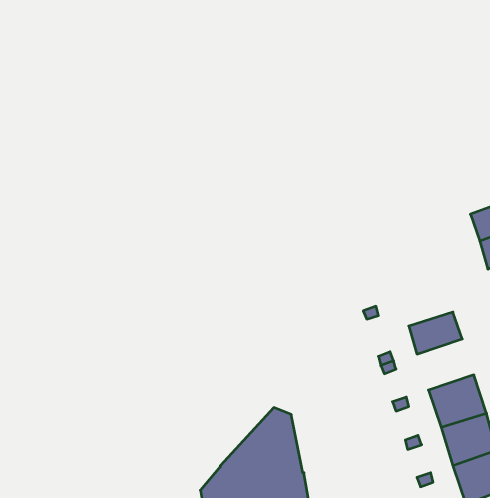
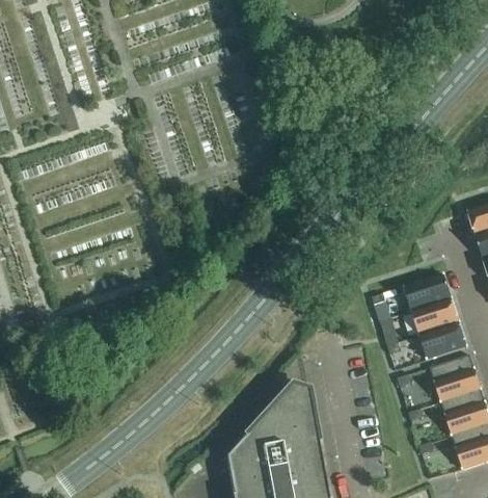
building: none -> [404,276,452,313]
building: none -> [419,324,467,362]

